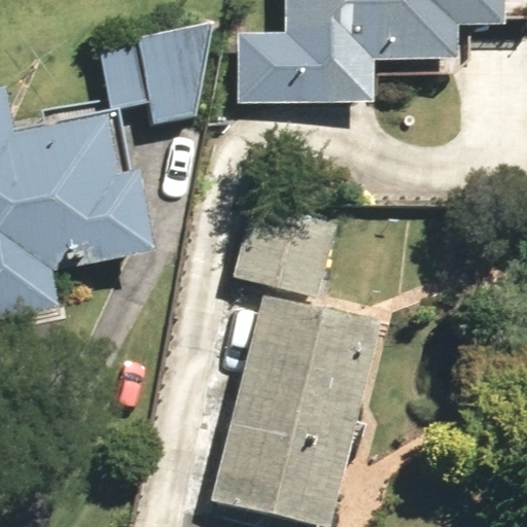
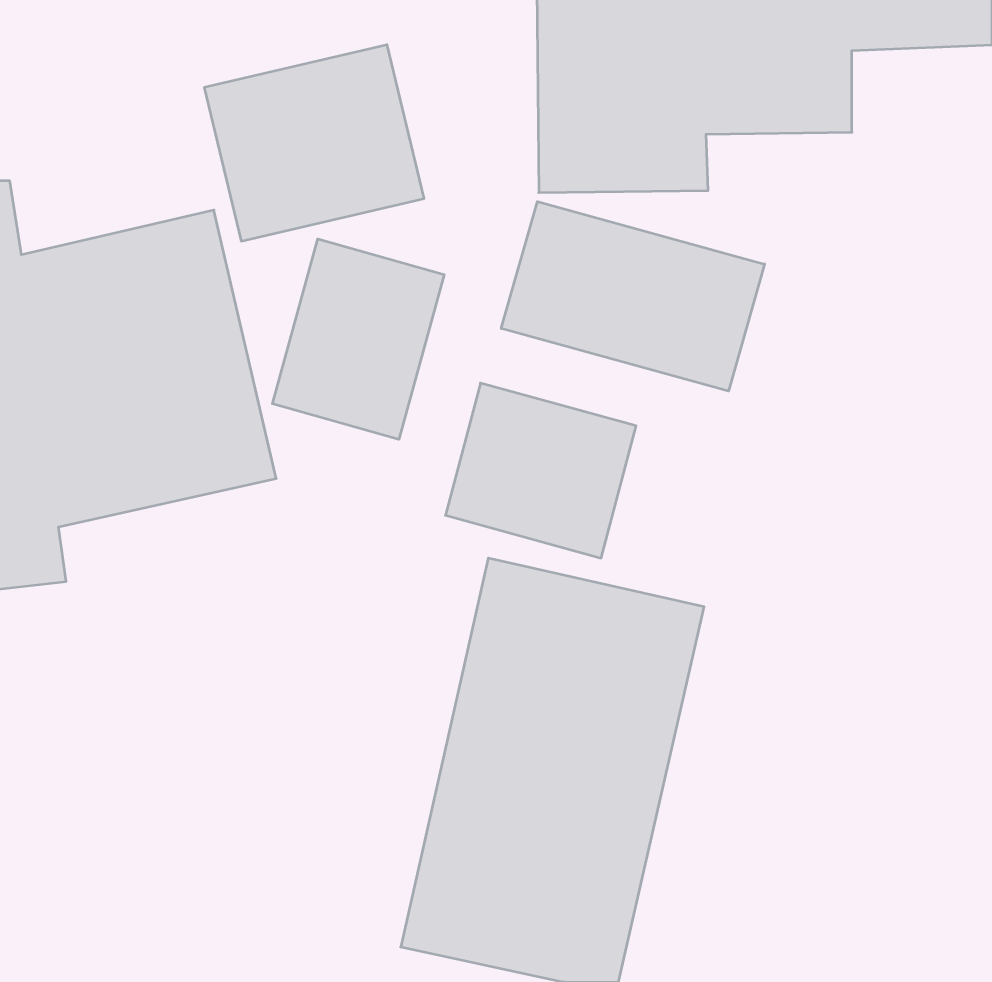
building: none -> [501,202,765,391]
building: none -> [272,239,444,439]

